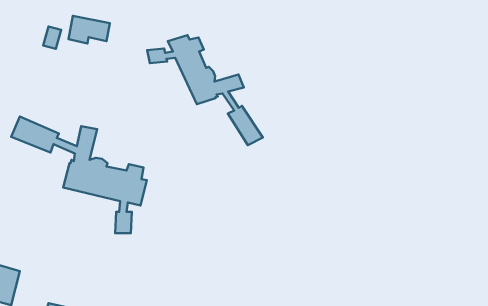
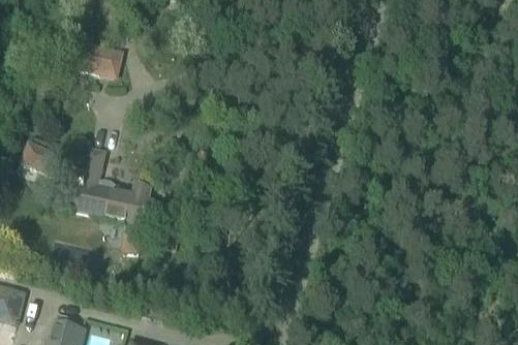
building: [147,35,263,145] -> none

